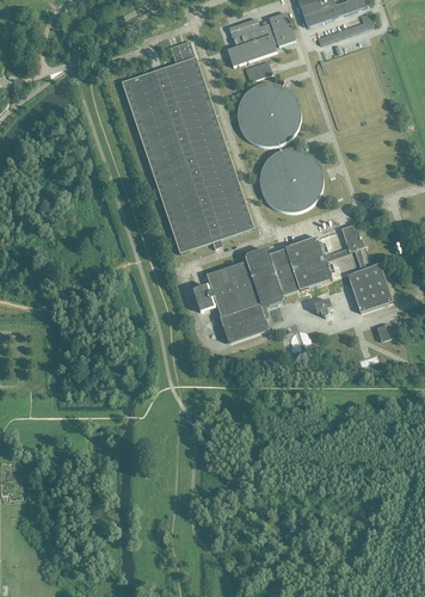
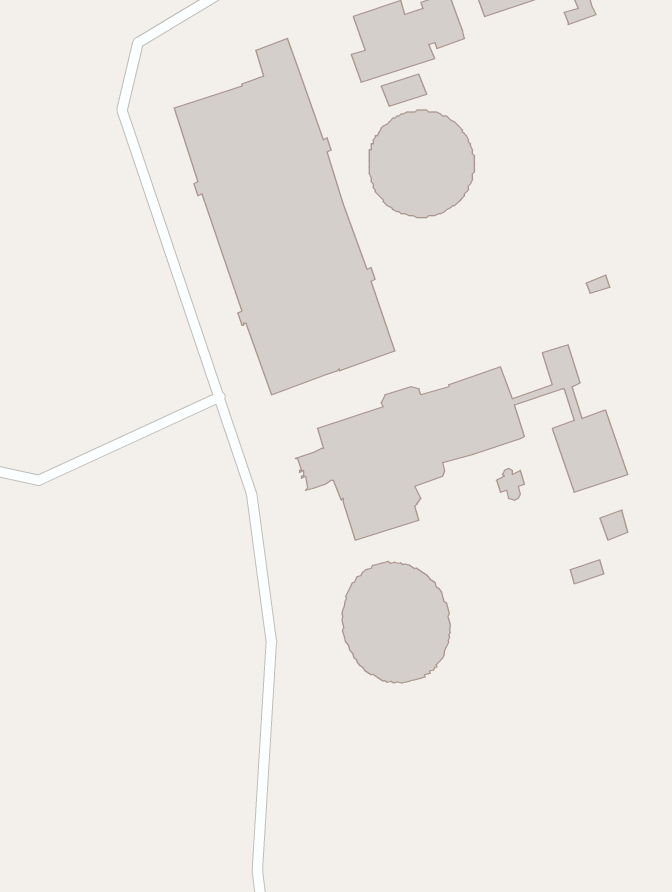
building: [259,148,322,211] -> none
building: none -> [342,561,450,683]

